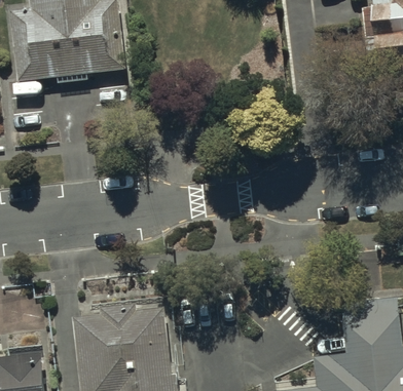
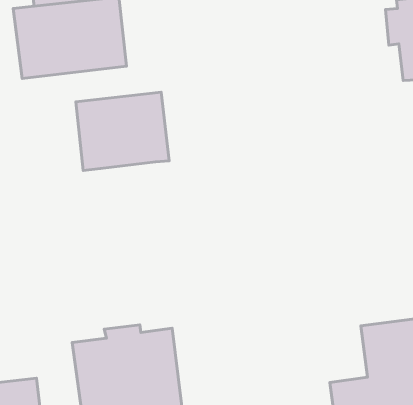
building: none -> [76,92,169,171]

